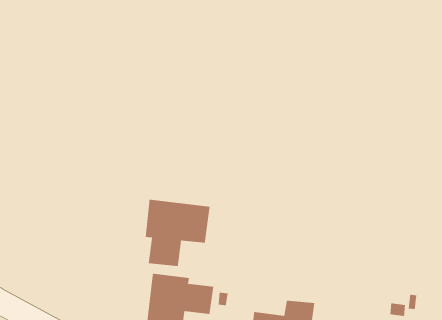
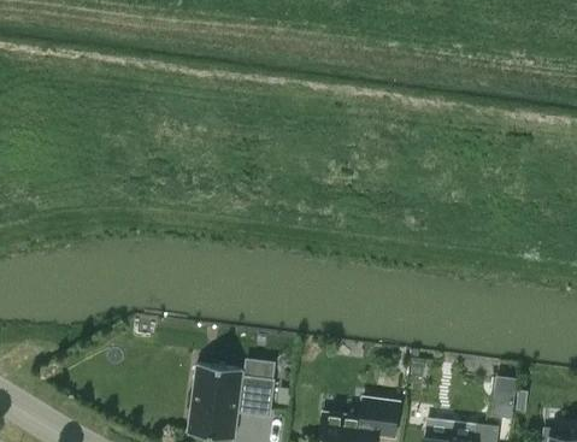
building: [145,199,210,267] -> none

